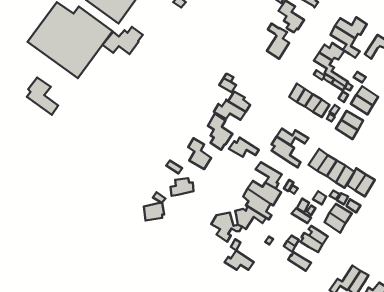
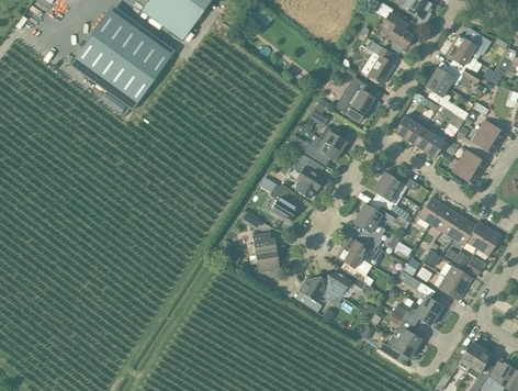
building: [102,27,143,54] -> none
building: none -> [335,76,374,122]
building: [27,77,58,115] -> none
building: [229,137,259,157] -> [359,199,396,223]
building: [144,203,164,221] -> [256,249,281,271]
building: [225,251,254,270] -> [379,334,415,358]

